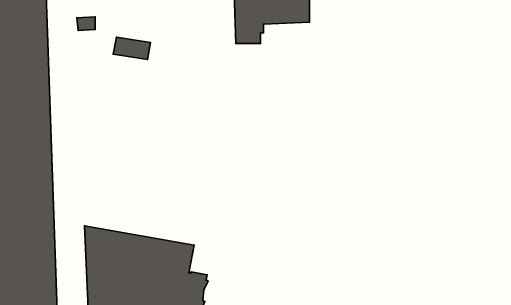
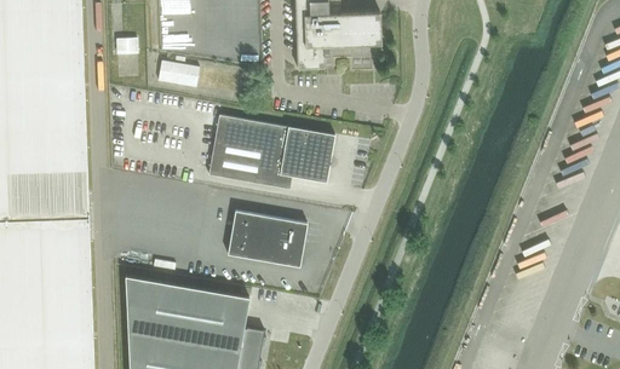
building: none -> [208,115,334,189]
building: none -> [228,211,308,267]

